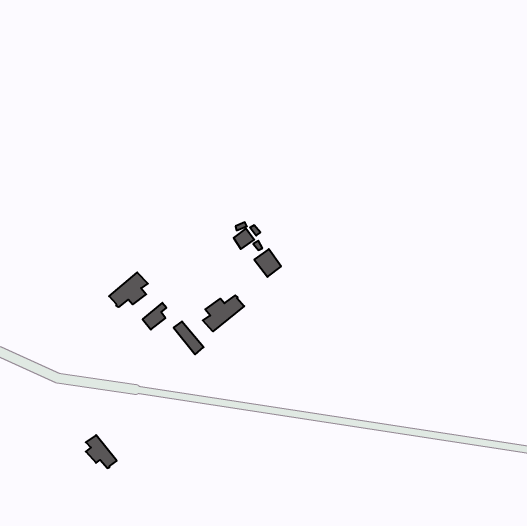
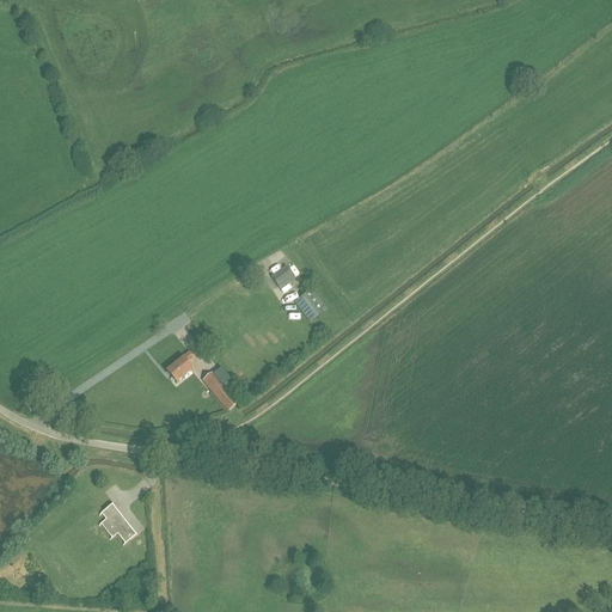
building: [109,272,148,307] -> none
building: [203,295,244,331] -> none

